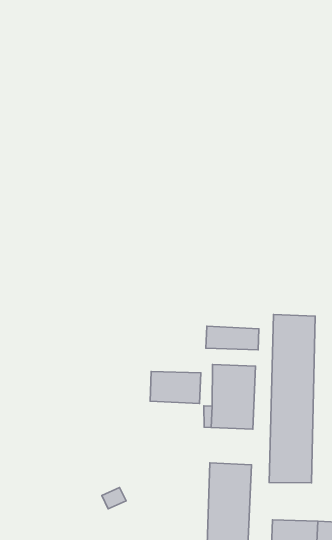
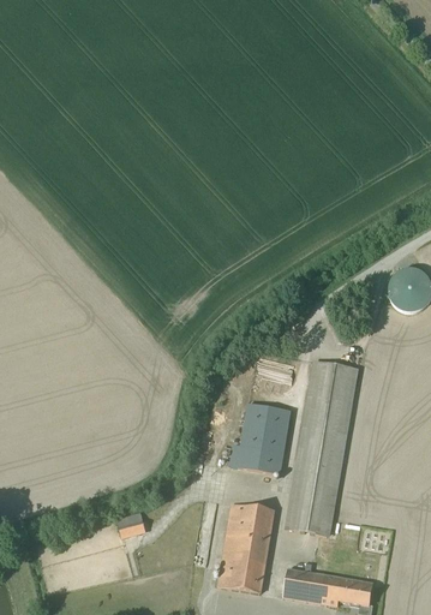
building: [206,326,259,350] -> none
building: [150,372,201,404] -> none

